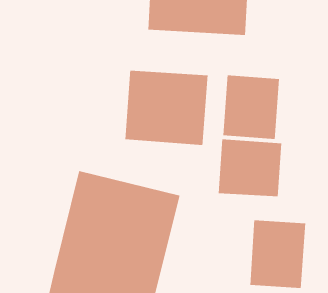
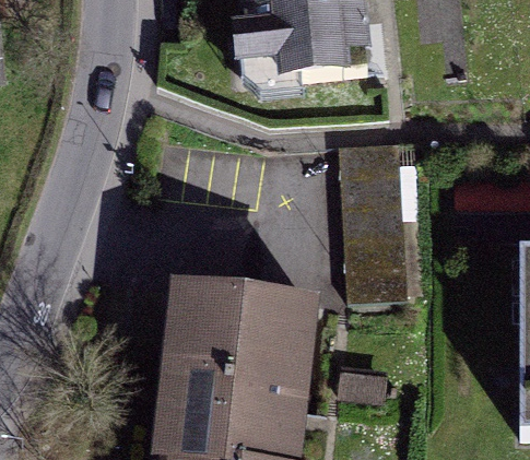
building: [125,70,208,146] -> none
building: [250,220,306,289] -> none

